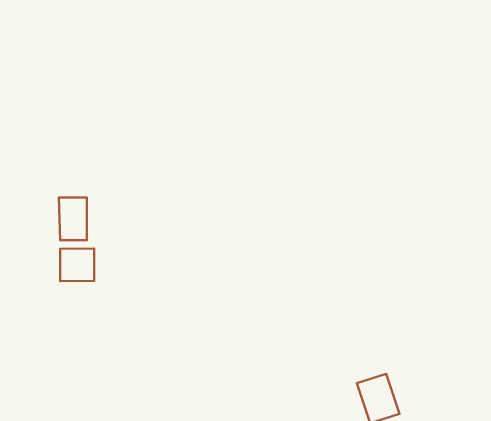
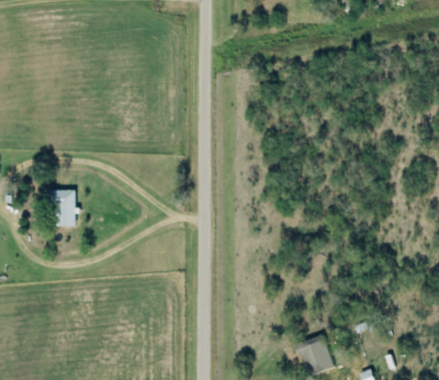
building: [60,249,94,281] -> none

